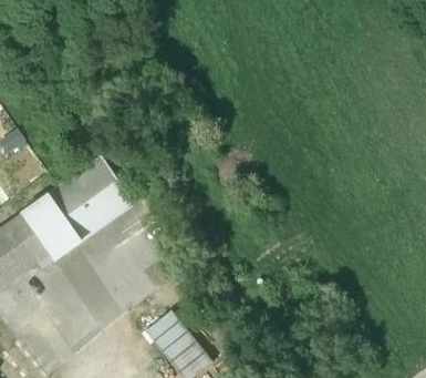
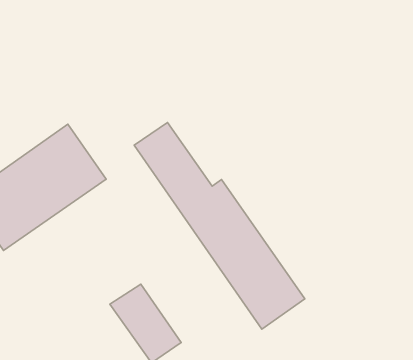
building: none -> [134,122,305,329]

